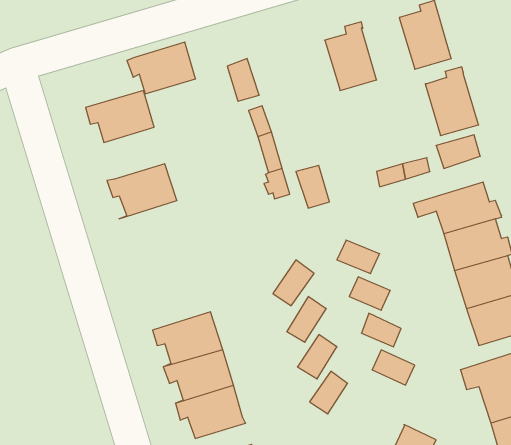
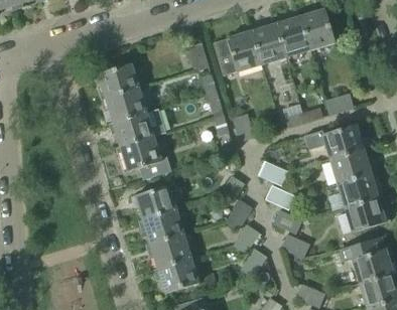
building: none -> [213,25,261,75]
building: [127,42,196,94] -> [100,88,145,122]
building: [425,67,479,136] -> [275,11,310,56]
building: none -> [115,136,171,179]
building: none -> [130,185,175,219]

